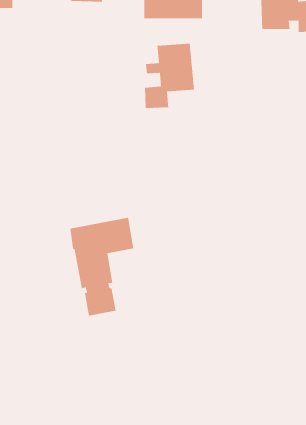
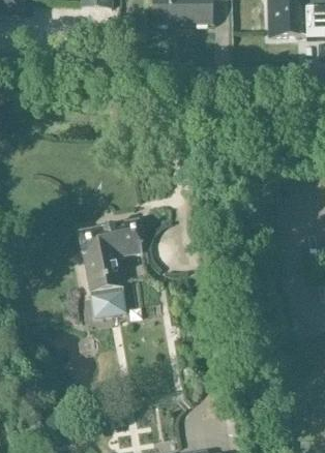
building: [144,43,194,109] -> none

